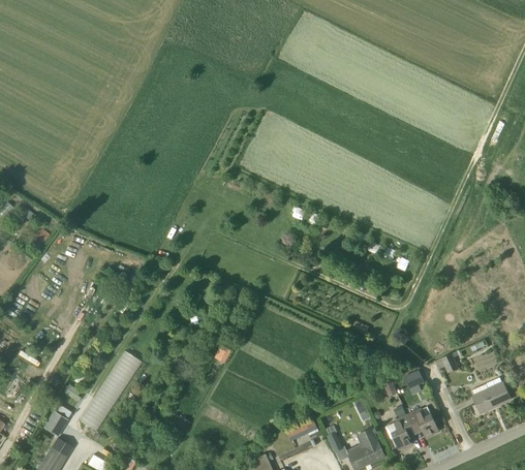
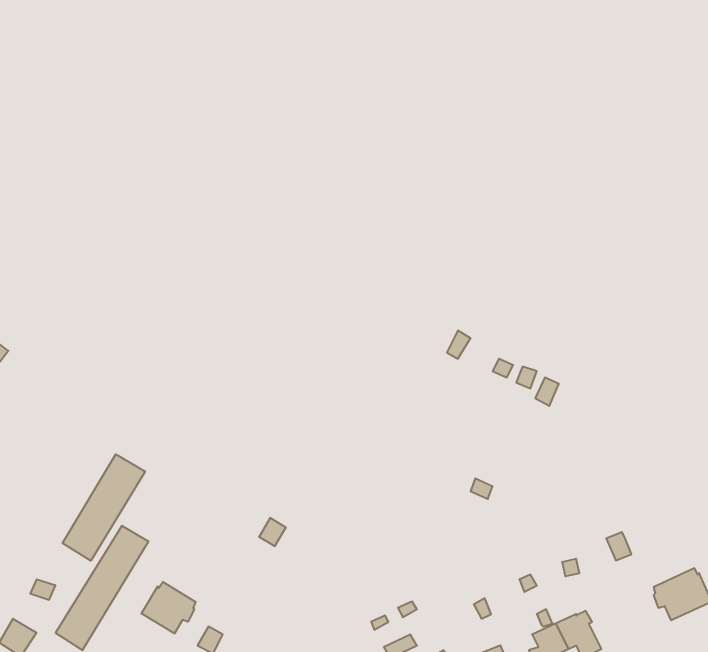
building: none -> [63,454,145,561]
building: none -> [141,582,196,634]

